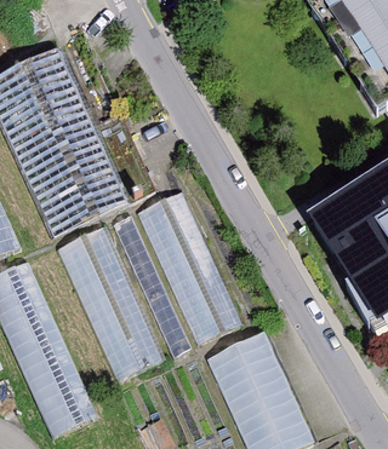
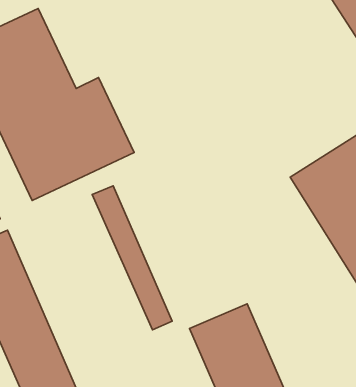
building: [139,194,239,342] -> none
building: [58,229,161,381] -> none

